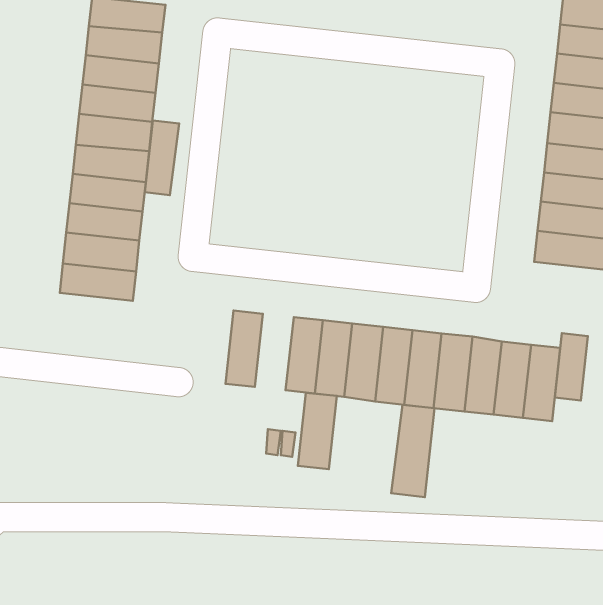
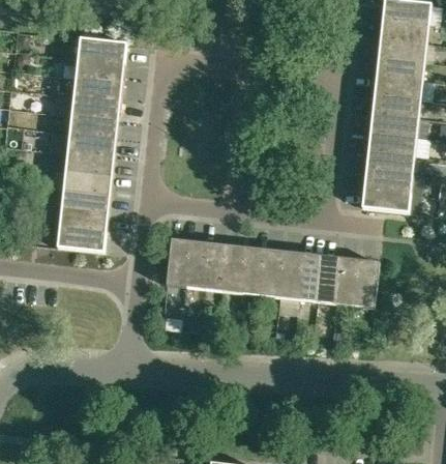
building: [145,120,179,195] -> none
building: none -> [57,226,106,251]
building: [555,333,588,401] -> none
building: [298,393,337,469] -> [183,239,208,288]
building: [391,405,435,497] -> none

